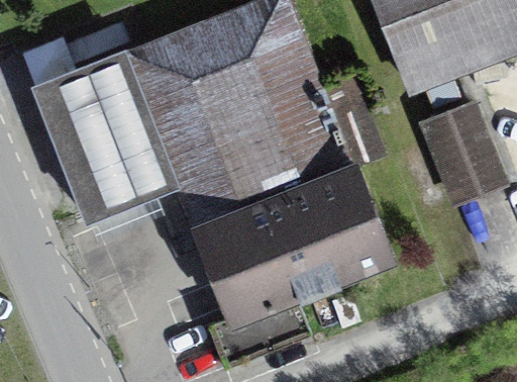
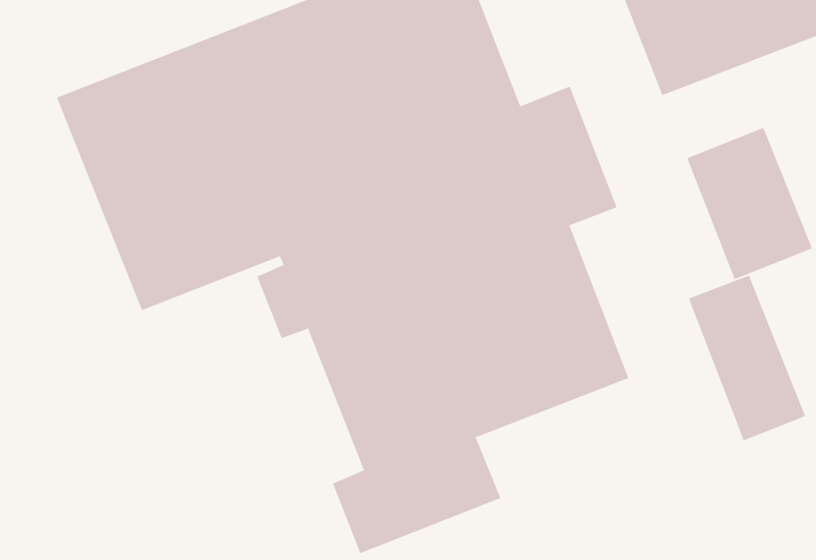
building: none -> [688,275,806,441]

